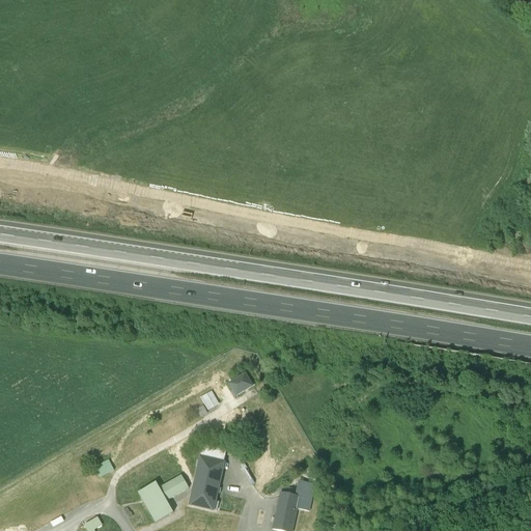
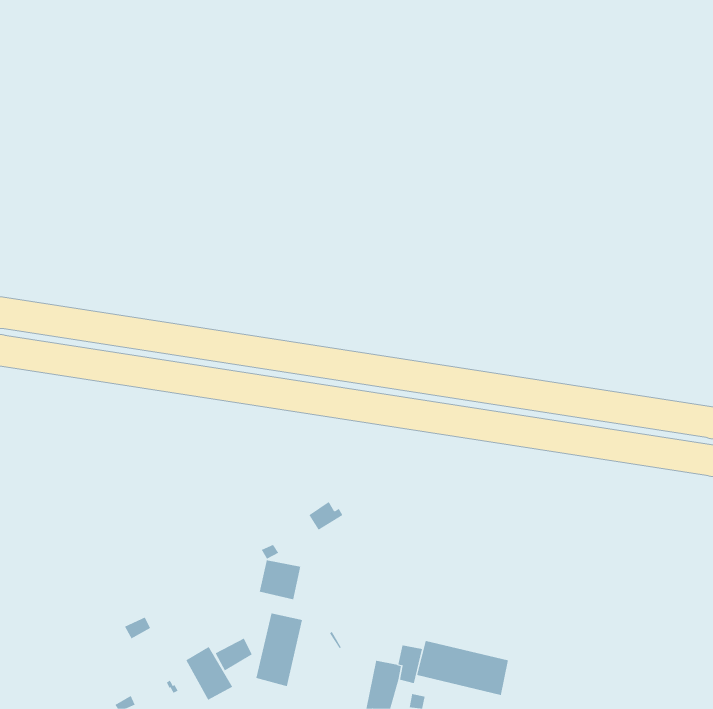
building: none -> [259,560,301,600]
building: none -> [416,640,509,696]

